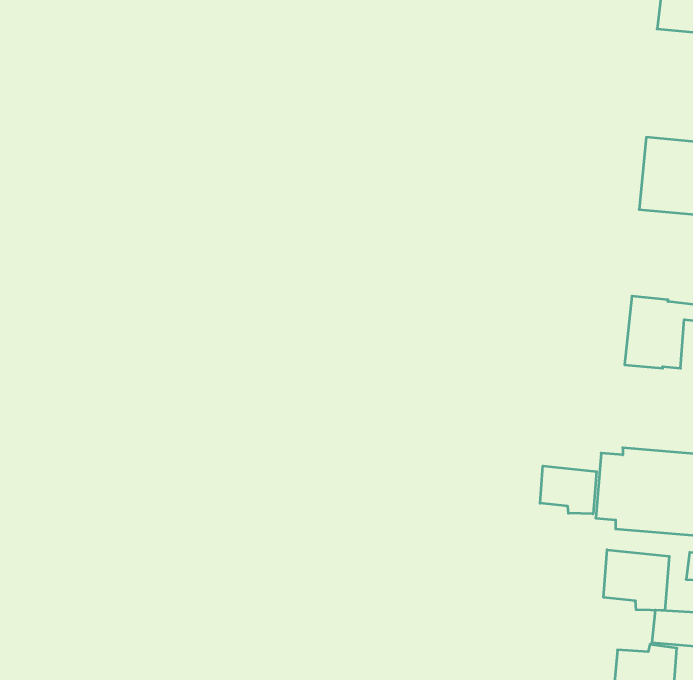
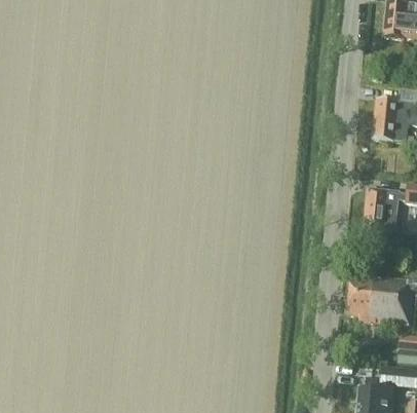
building: [540,466,597,514] -> none
building: [604,550,669,610] -> none

